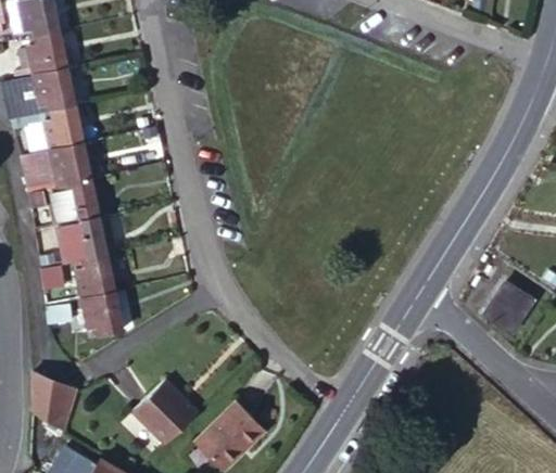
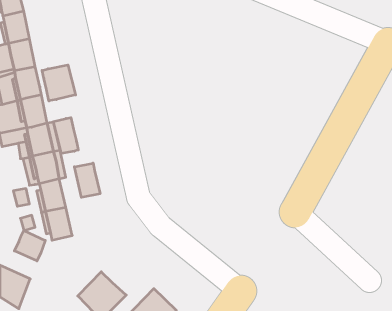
building: none -> [42,65,76,101]
building: none -> [53,118,78,154]
building: none -> [74,163,100,197]
building: [484,276,533,323] -> none
building: none -> [14,231,45,261]

